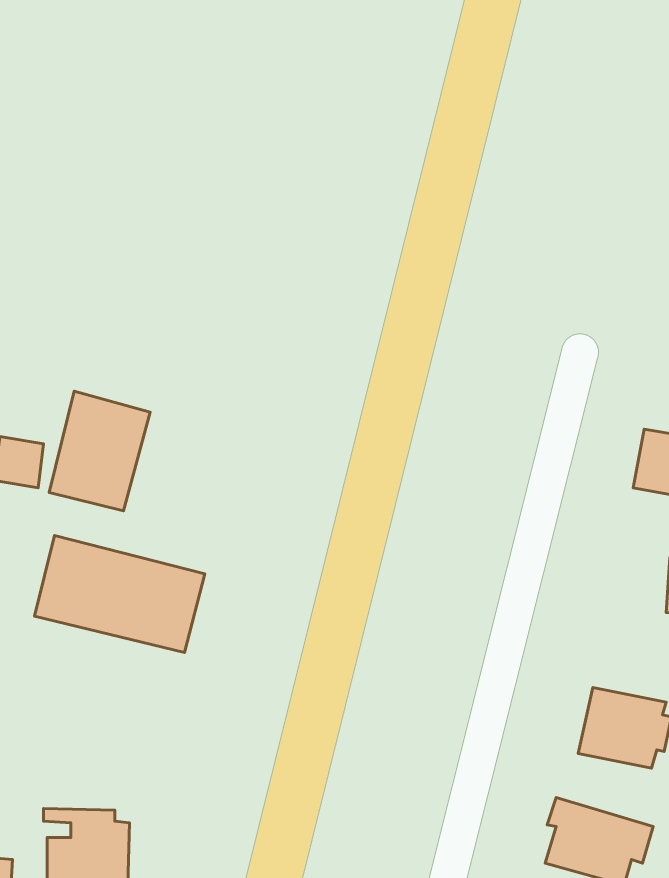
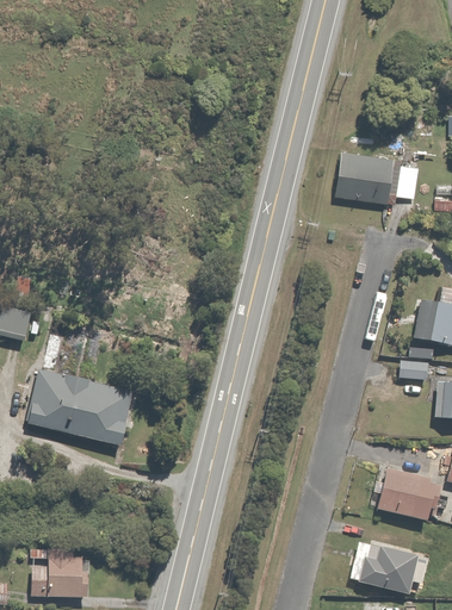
building: none -> [335,149,419,203]
building: [49,391,150,511] -> none
building: none -> [401,359,431,378]

